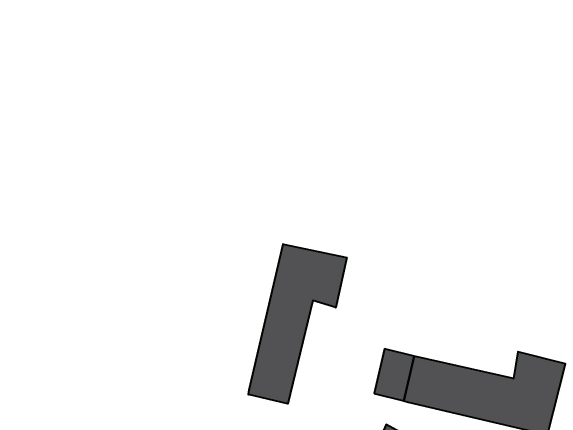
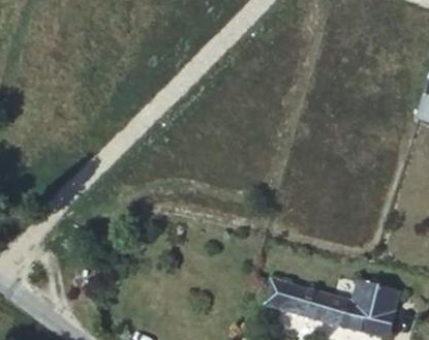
building: [248,244,347,404] -> none

